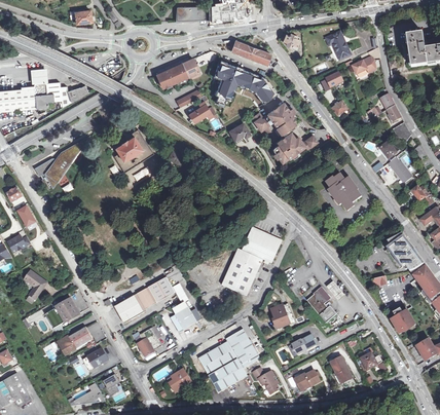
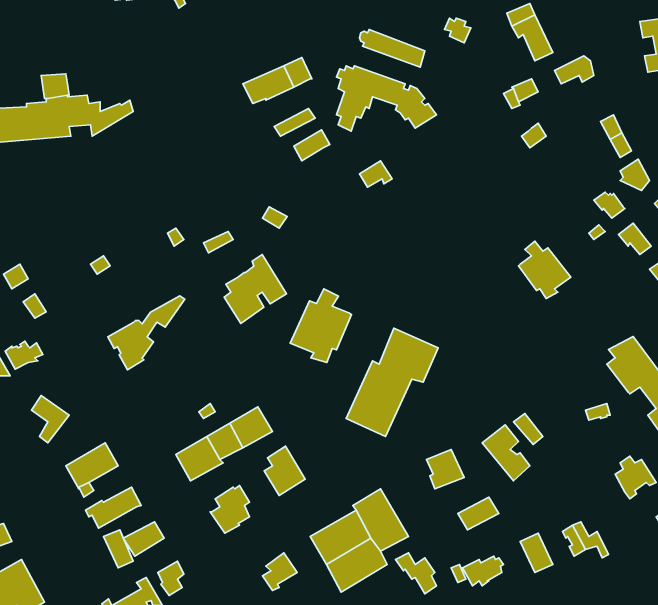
building: [251,102,317,162] -> none
building: [114,128,153,172] -> [224,255,287,323]
building: [34,142,82,188] -> [108,296,185,370]
building: none -> [290,289,351,363]

